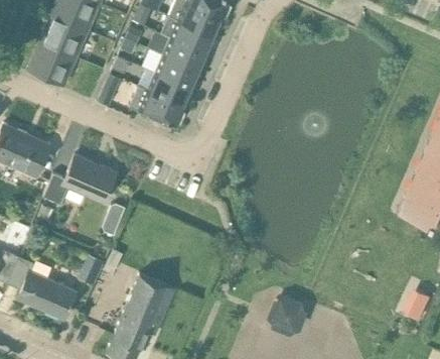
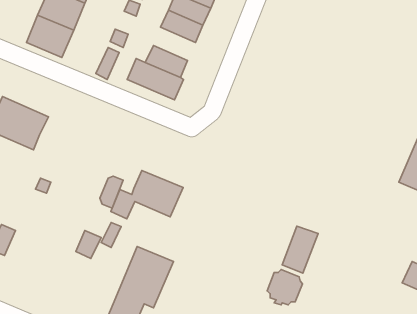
building: [155,54,197,88] -> none
building: [43,155,116,204] -> [111,170,183,219]
building: none -> [282,226,318,273]
building: [6,258,76,319] -> none

